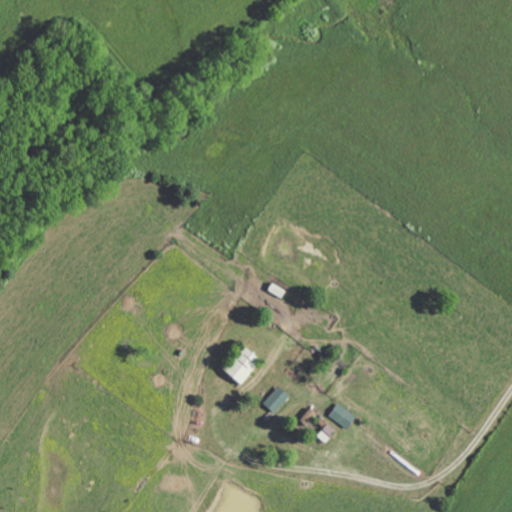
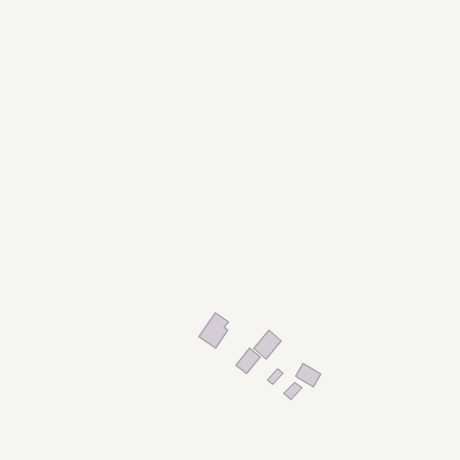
building: none -> [254,330,281,359]

